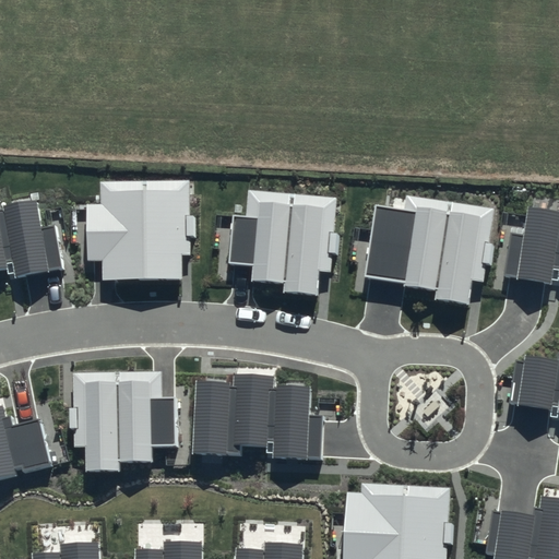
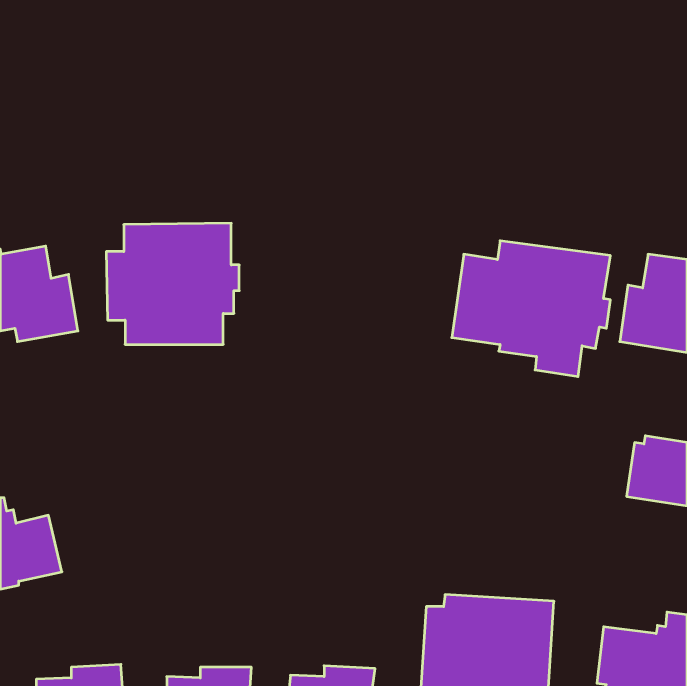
building: [228,191,340,295] -> none
building: [73,373,176,473] -> none
building: [191,374,324,460] -> none

